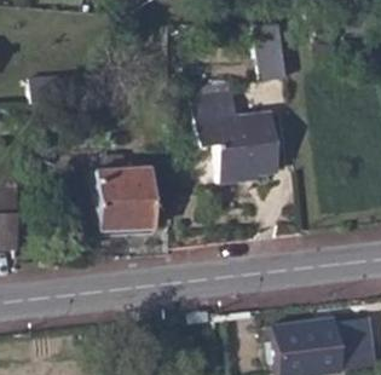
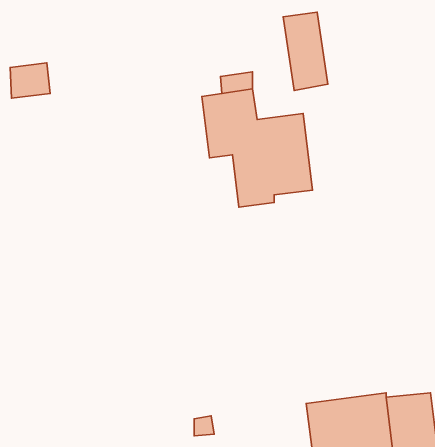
building: [96,166,155,227] -> none

